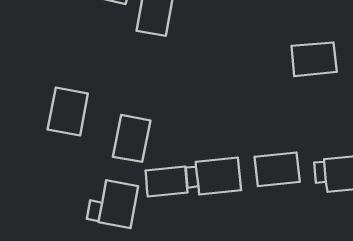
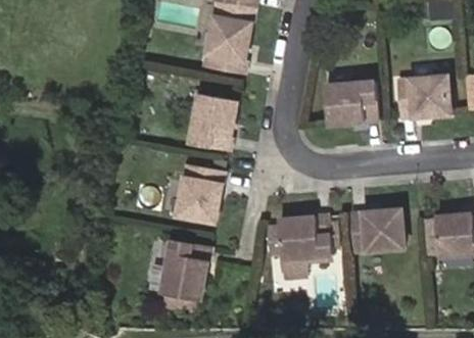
building: none -> [323,79,378,123]
building: [47,88,88,135] -> [188,93,237,151]
building: [145,167,188,196] -> none

